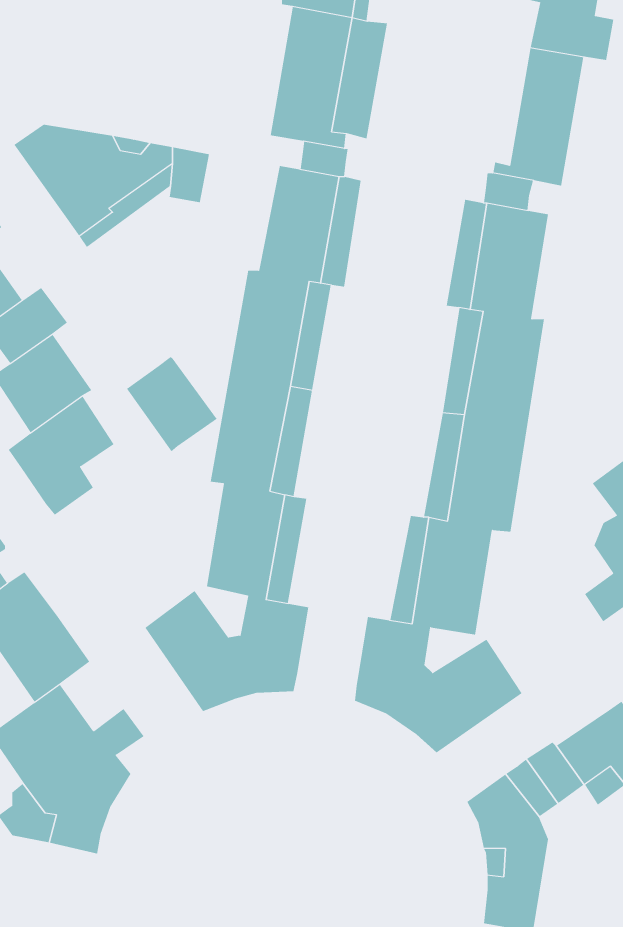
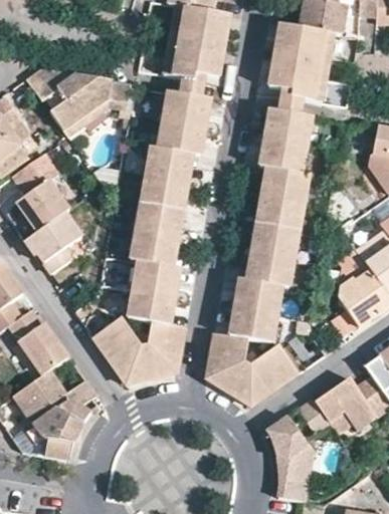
building: none -> [269,22,303,89]
building: [126,356,218,452] -> none

